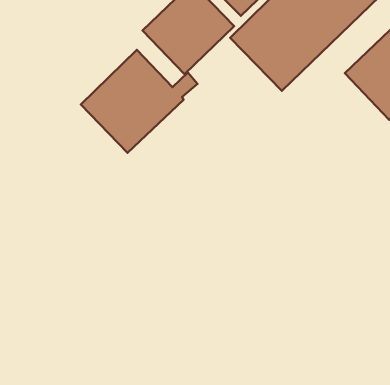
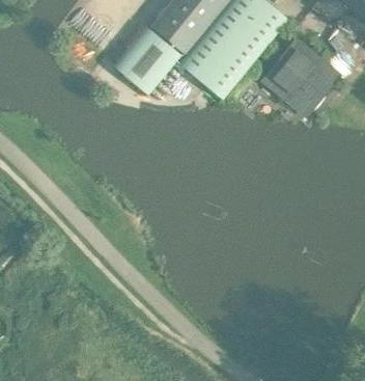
building: [81,50,198,153] -> none

